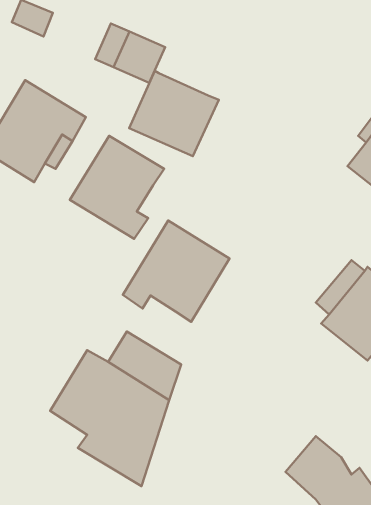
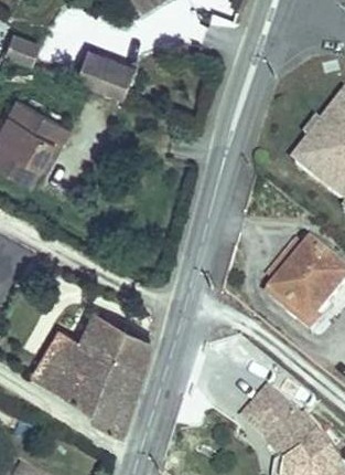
building: [129,71,219,156] -> none
building: [70,136,164,239] -> none
building: [123,221,229,322] -> none

